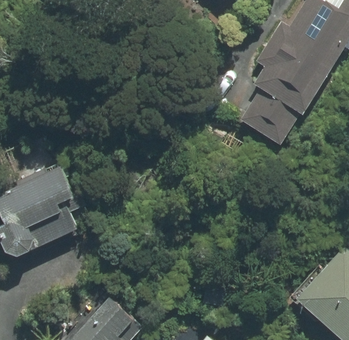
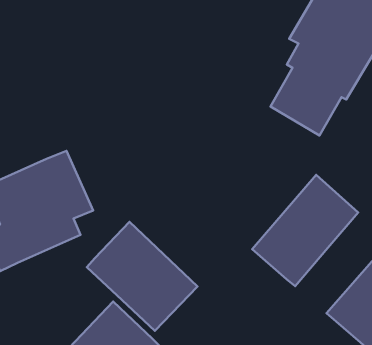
building: none -> [252,175,358,286]
building: none -> [87,222,198,331]

